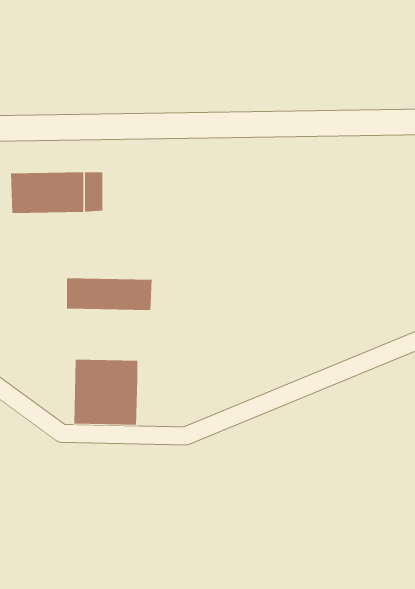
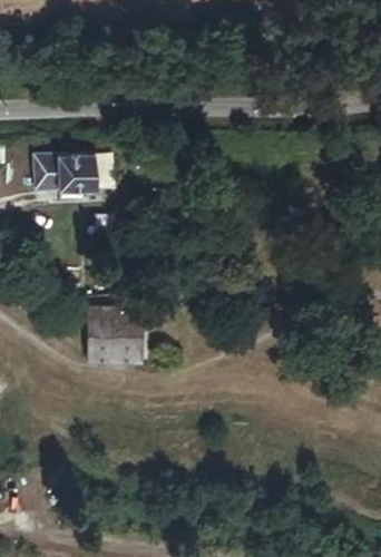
building: [66,277,152,311] -> none

